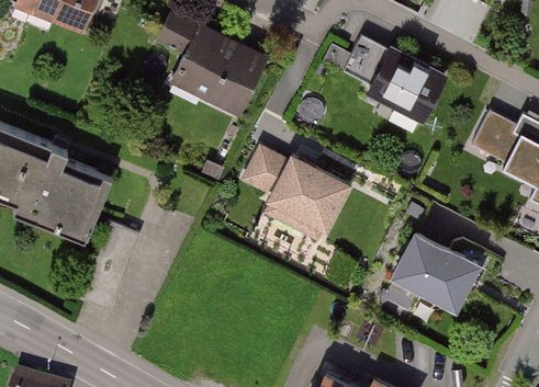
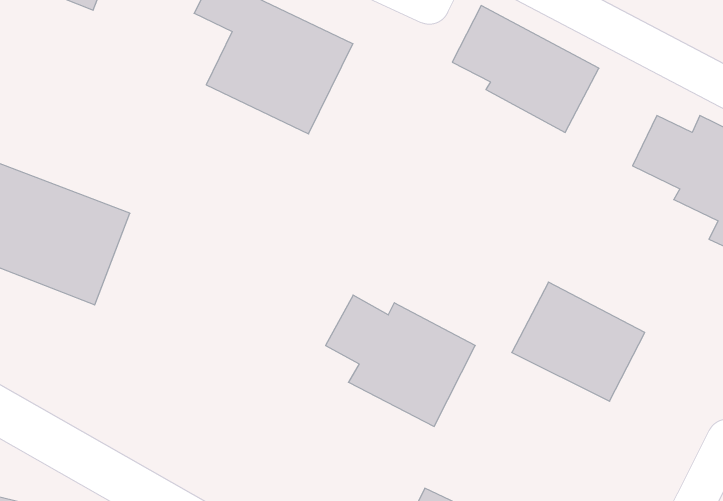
building: [242,146,349,240] -> [326,295,475,426]

